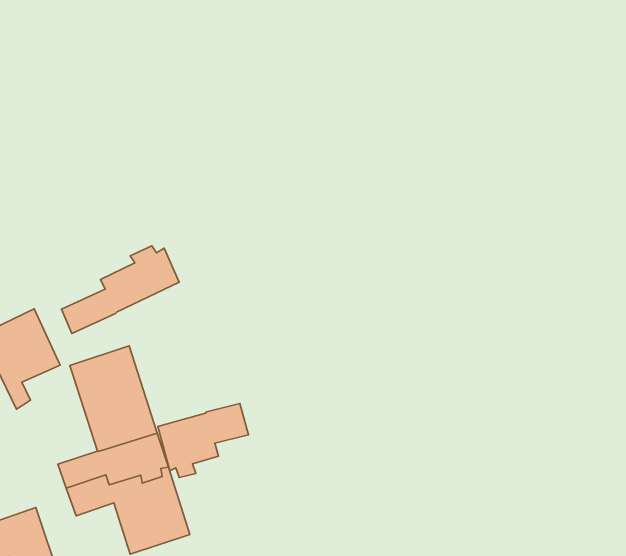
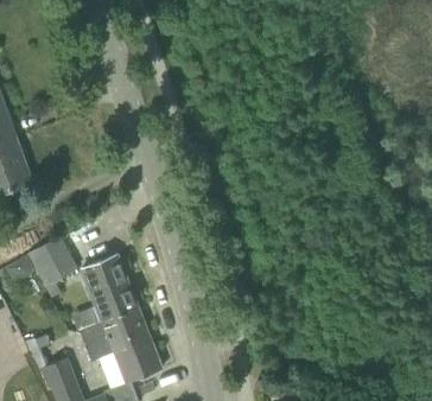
building: [61,246,179,333] -> none
building: [158,404,248,478] -> none

